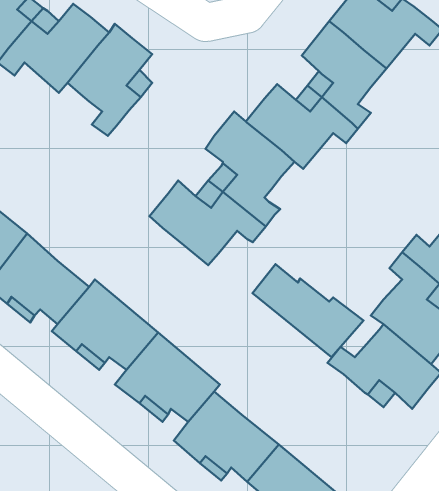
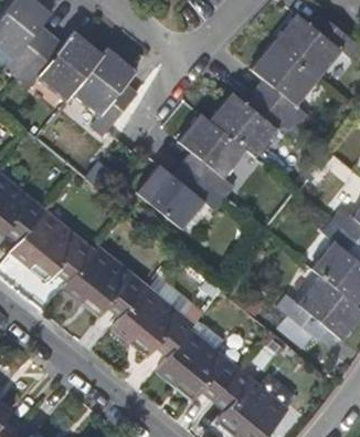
building: [253,264,364,357] -> none

